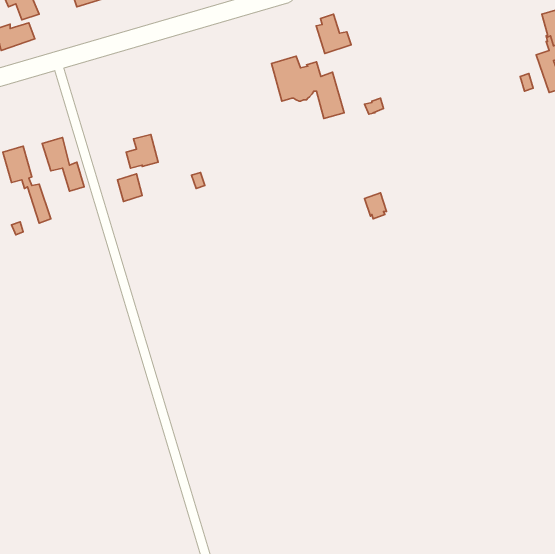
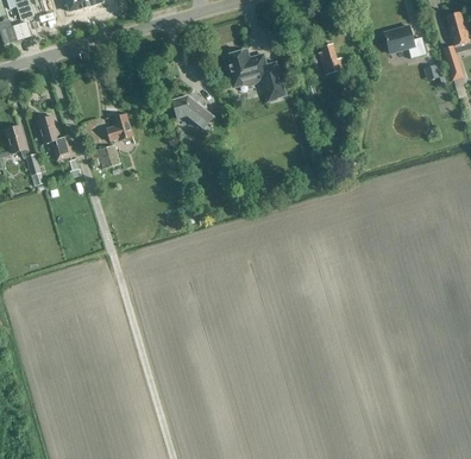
building: [316,14,351,54] -> [318,43,346,75]
building: none -> [384,25,426,57]
building: none -> [171,95,213,128]

